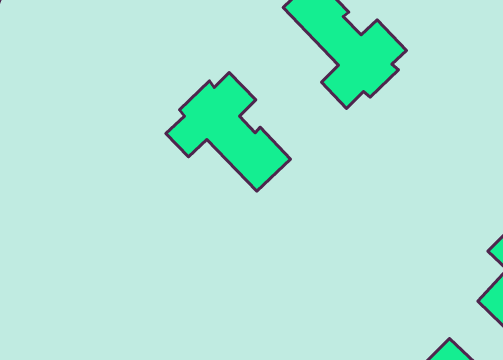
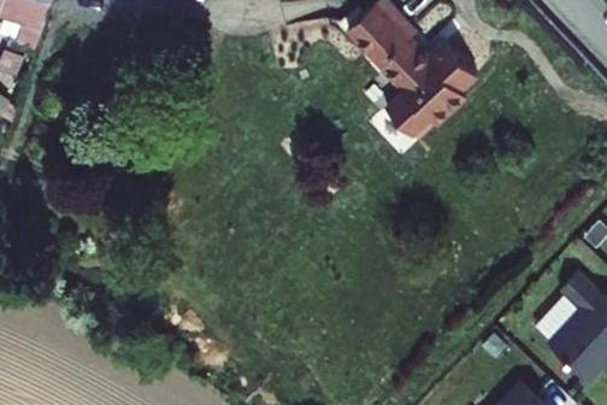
building: [166,72,290,191] -> none

